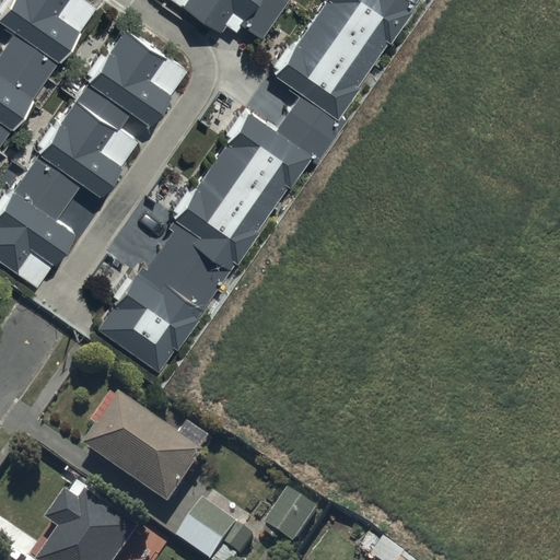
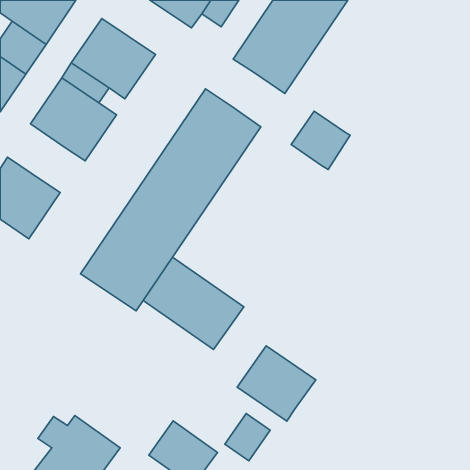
building: [276,89,346,158] -> [291,111,350,169]
building: [12,150,81,218] -> none
building: [89,397,208,506] -> [143,257,244,350]
building: none -> [237,346,316,421]

